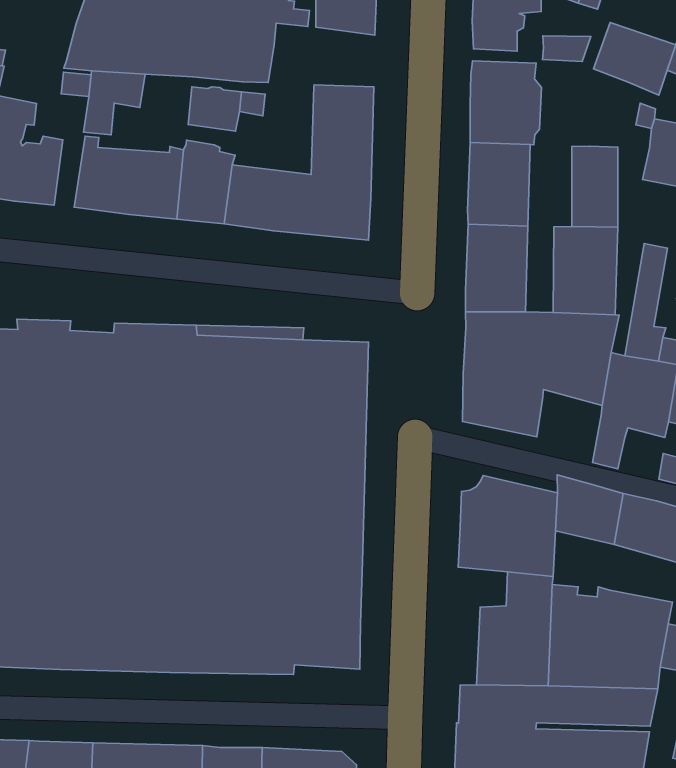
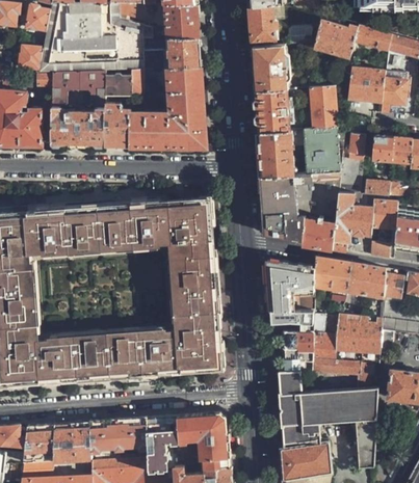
building: none -> [20,47,43,69]
building: none -> [146,38,201,70]
building: none -> [80,71,106,106]
building: none -> [304,220,336,250]

